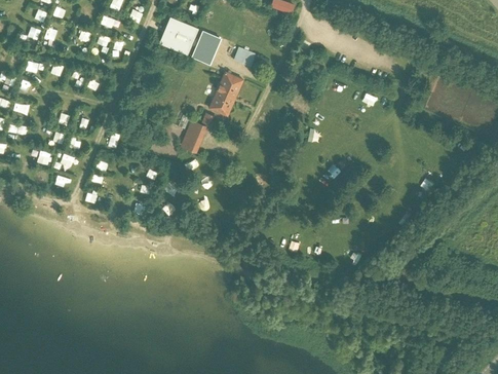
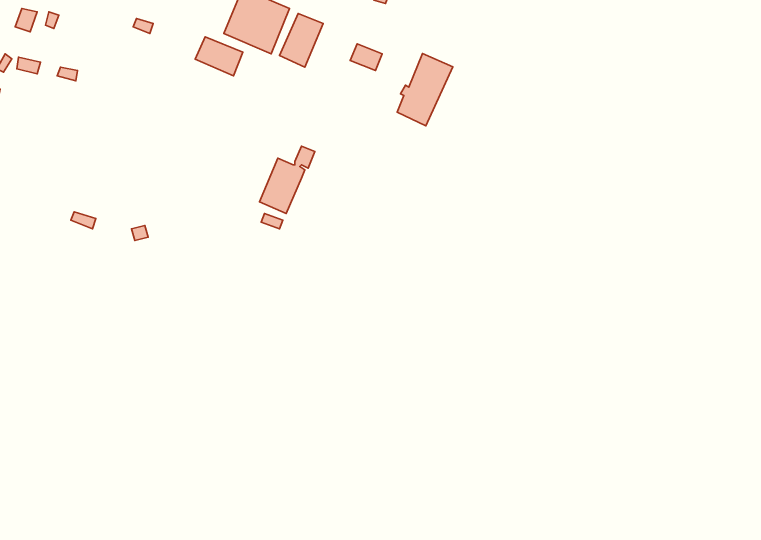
building: none -> [195,37,243,76]
building: [209,72,243,116] -> [397,53,453,126]

